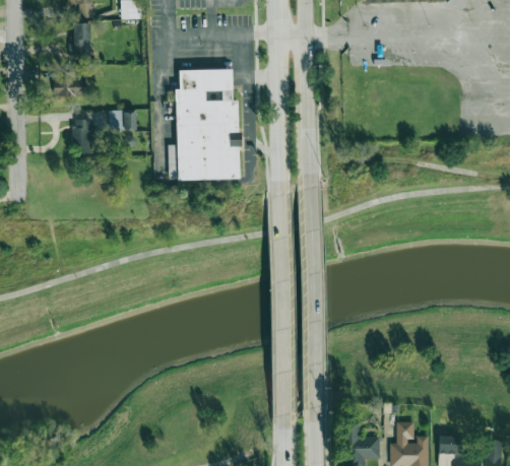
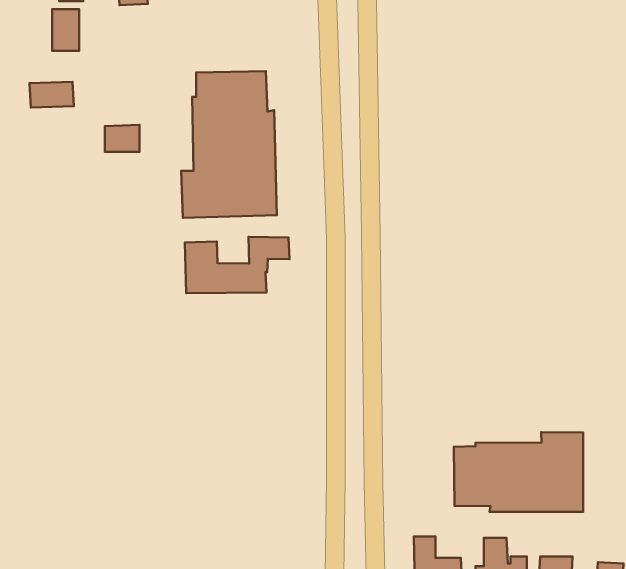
building: [73,119,103,153] -> none
building: none -> [185,237,289,293]
building: none -> [454,432,583,512]

